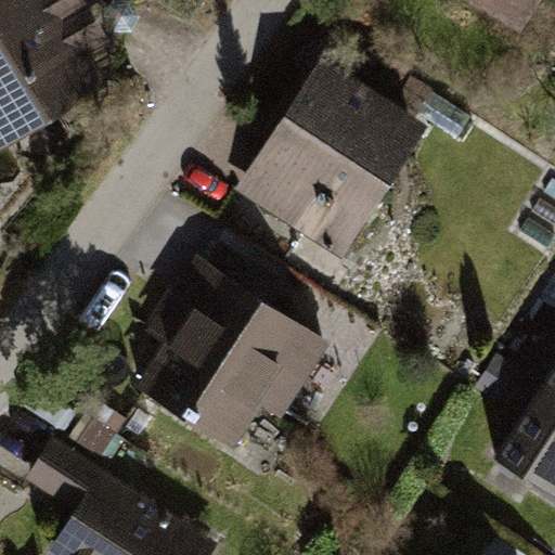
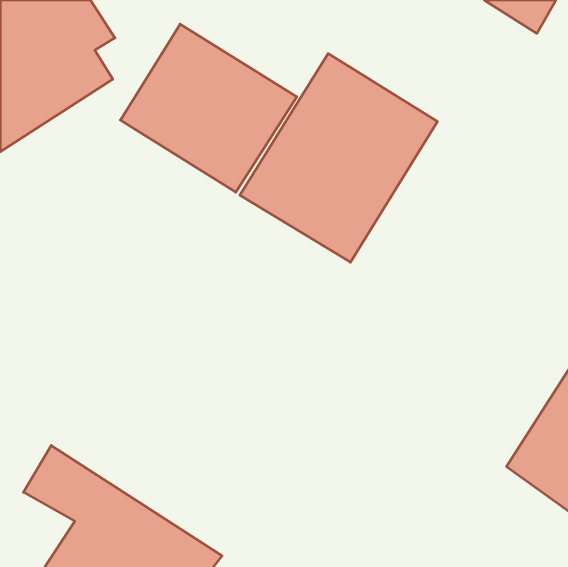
building: none -> [120,24,297,192]
building: [135,256,330,451] -> none

